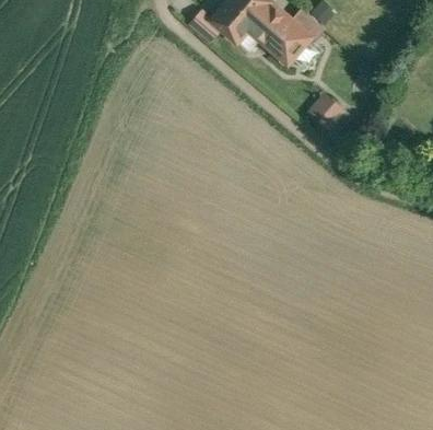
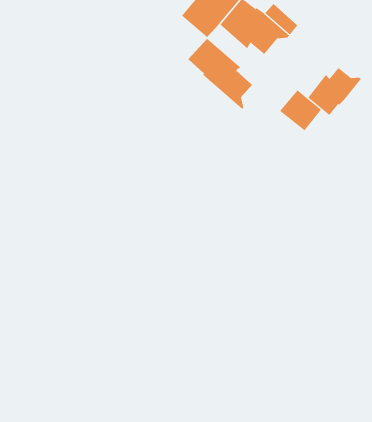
building: none -> [187,38,253,110]
building: none -> [307,67,362,116]

